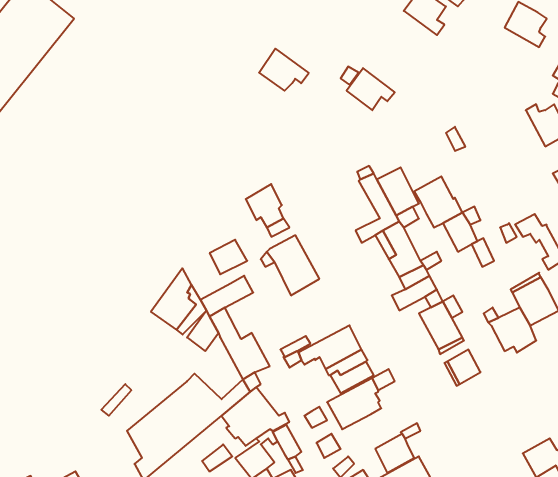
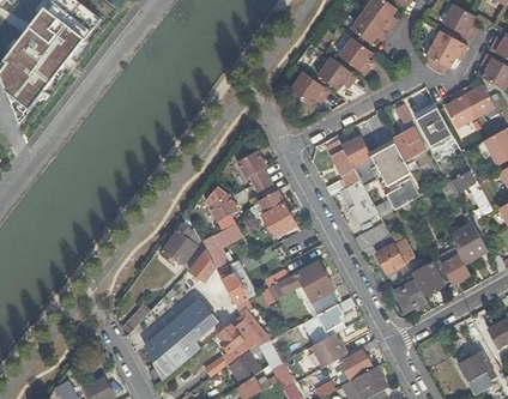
building: none -> [350,12,389,44]
building: none -> [425,31,467,69]
building: none -> [339,38,373,75]
building: [259,49,309,91] -> [290,72,329,105]
building: none -> [444,91,476,129]
building: none -> [415,105,453,150]
building: none -> [392,128,425,161]
building: none -> [413,262,444,295]
building: none -> [312,333,349,368]

